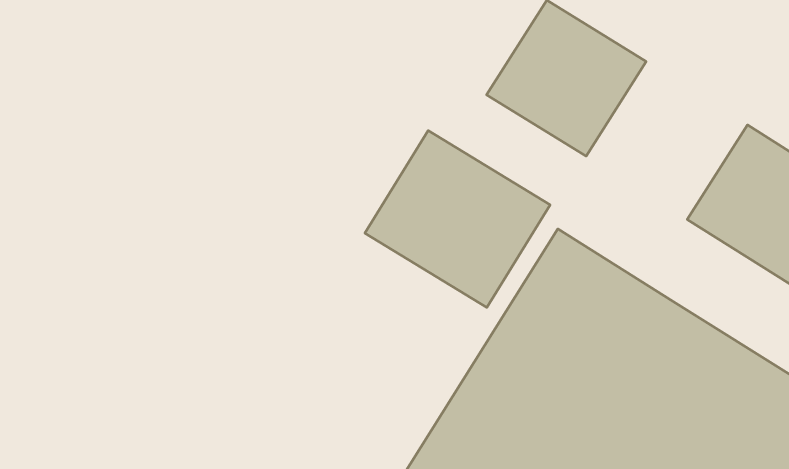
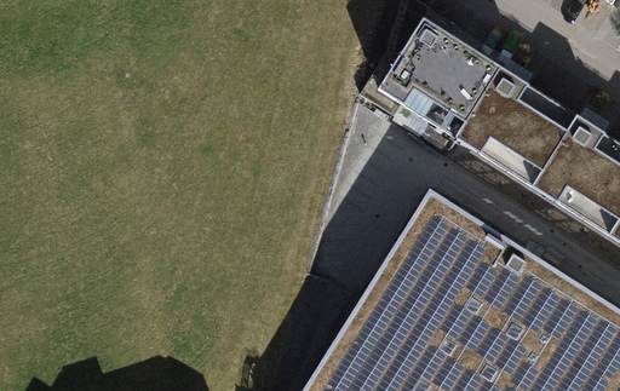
building: none -> [454,64,578,185]
building: [365,131,550,307] -> none

